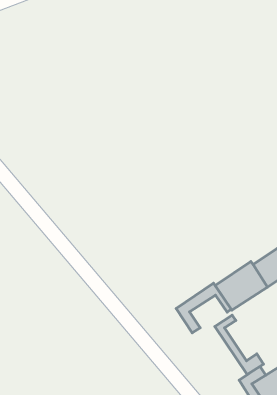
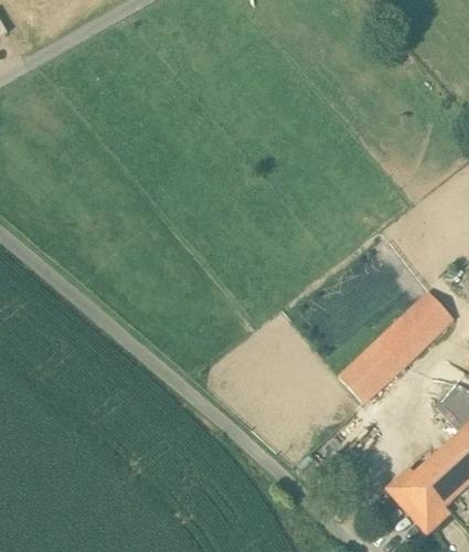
building: [176,283,231,333] -> none
building: [215,315,264,374] -> none

